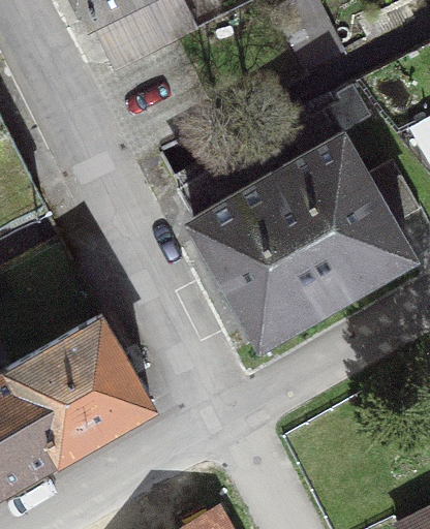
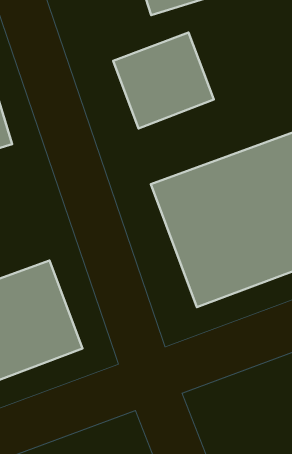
building: none -> [113,33,214,129]

